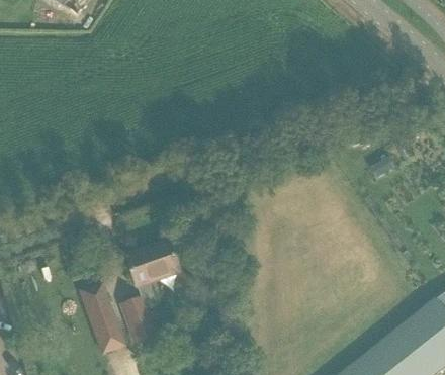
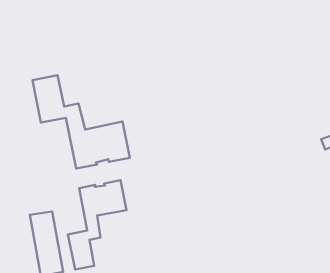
building: none -> [33,75,130,168]

